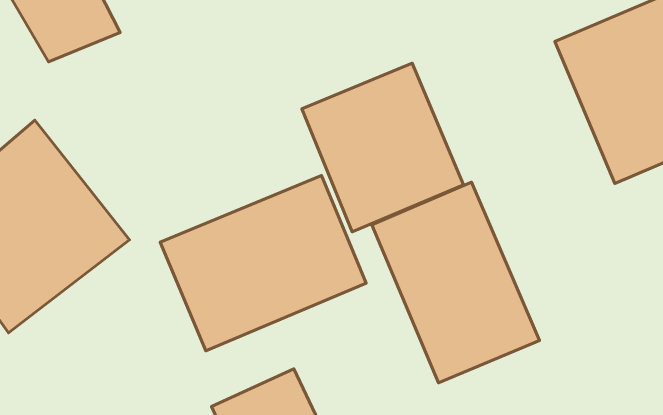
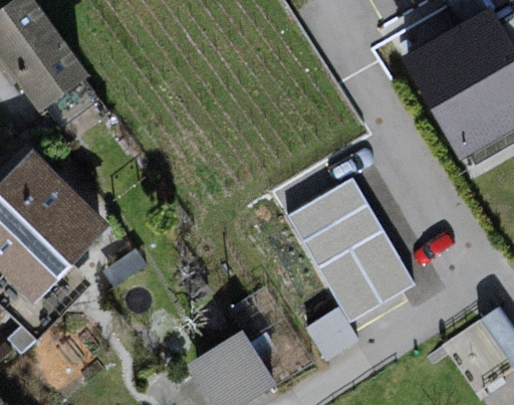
building: [302,63,463,232] -> none
building: [160,176,366,351] -> none

